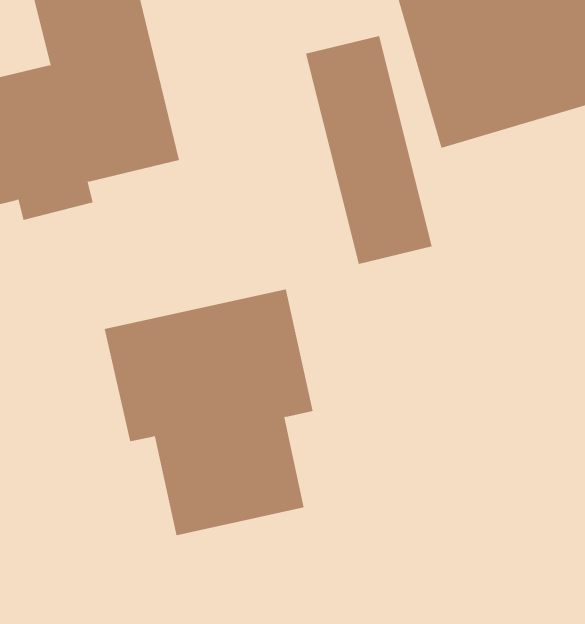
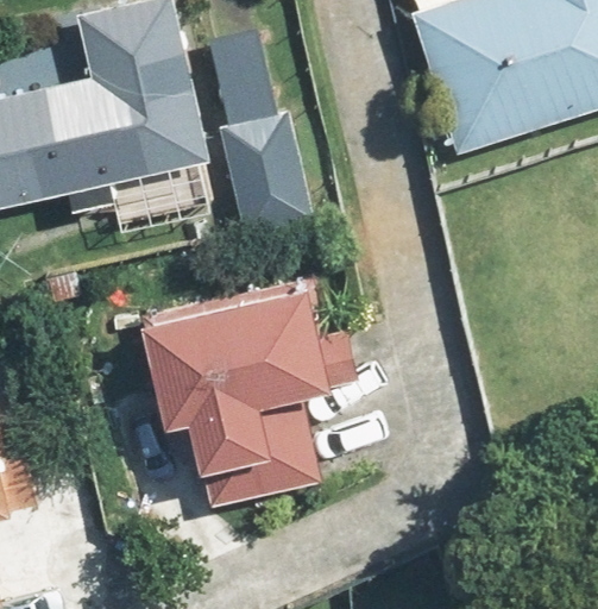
building: [305,35,433,264] -> [195,23,313,234]

